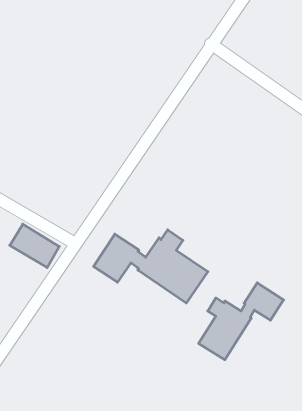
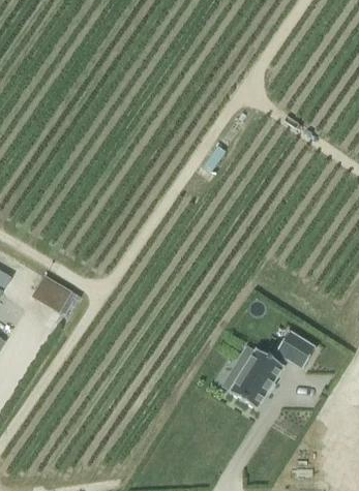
building: [94,230,208,303] -> none

